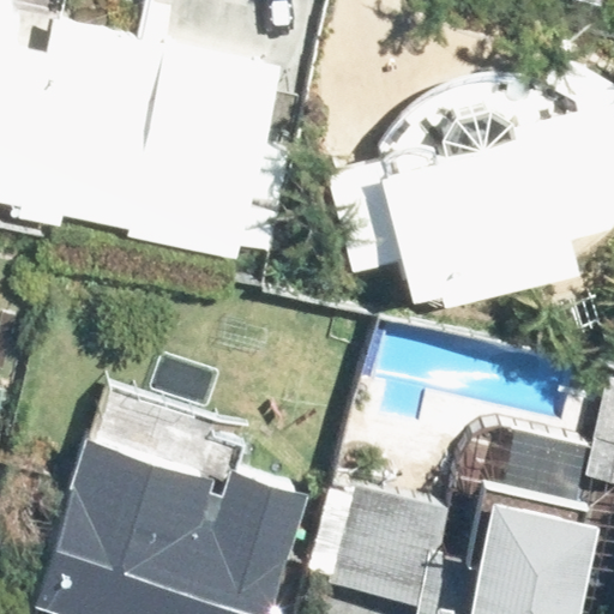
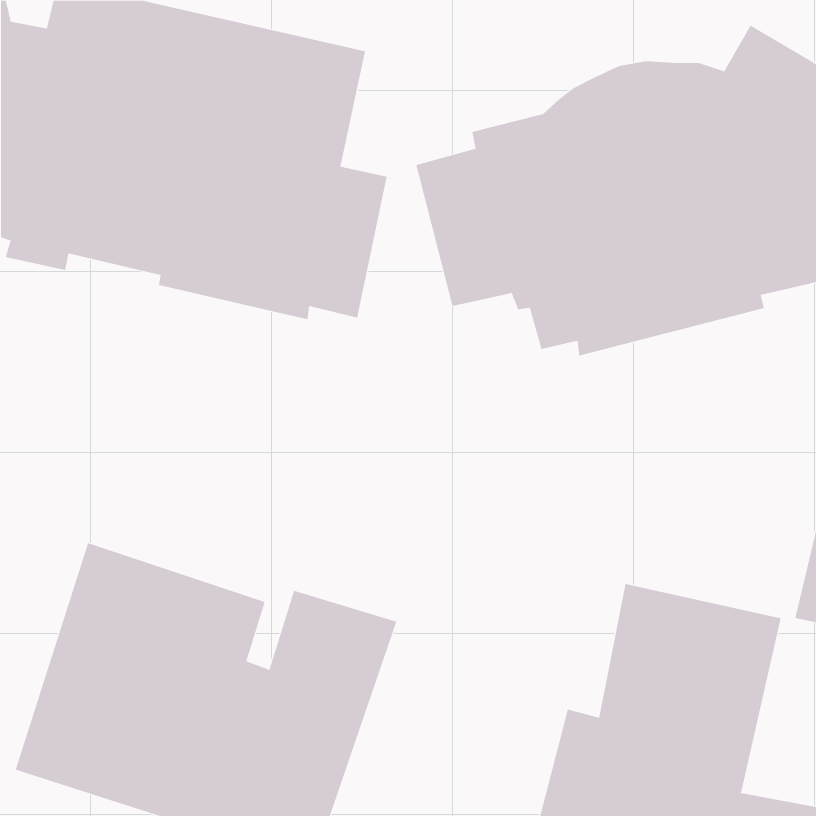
building: [337,468,464,591] -> none

